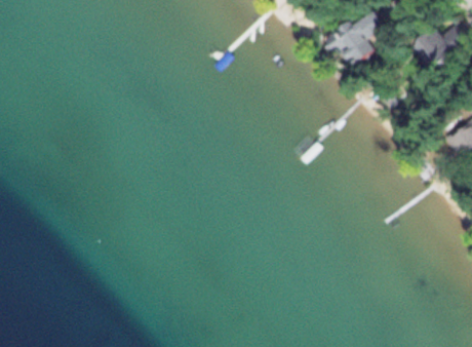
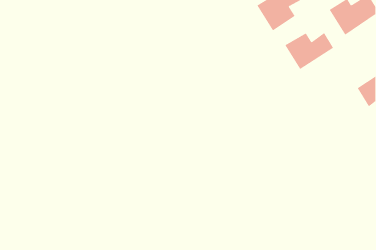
building: none -> [285,32,334,70]

